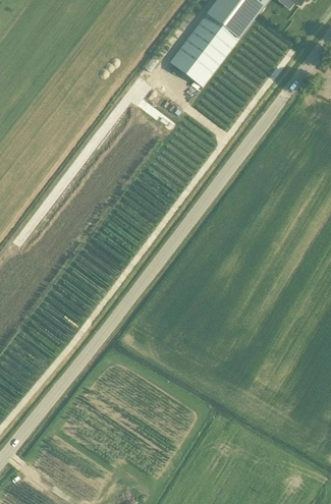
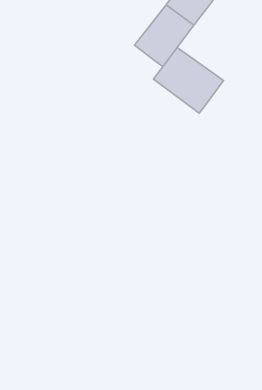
building: none -> [153,47,224,113]

